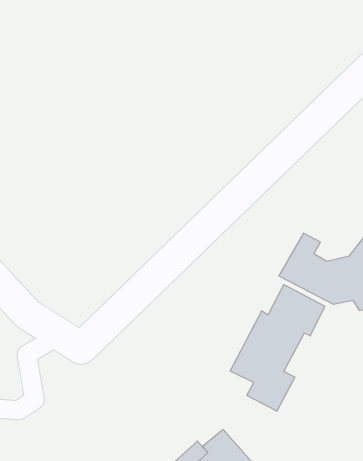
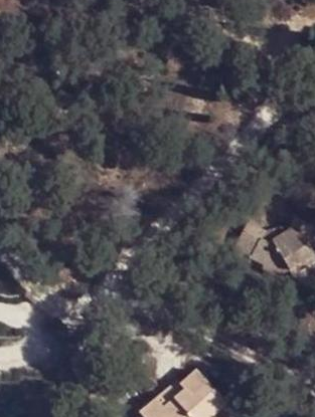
building: [230,285,325,411] -> none

